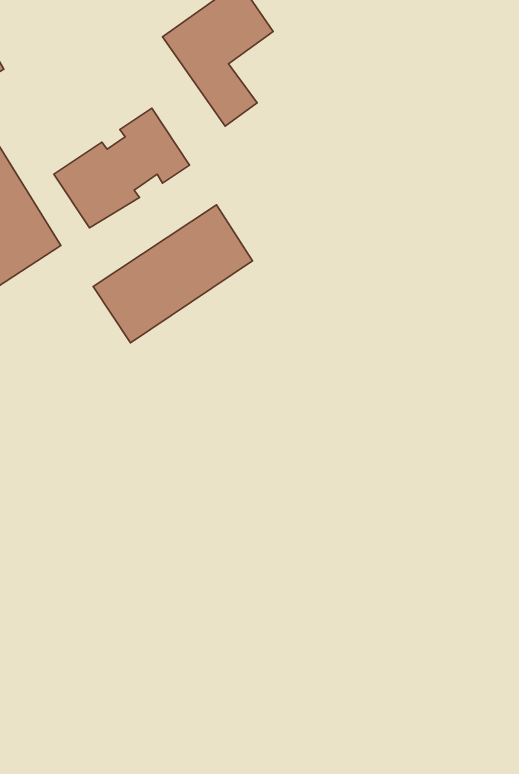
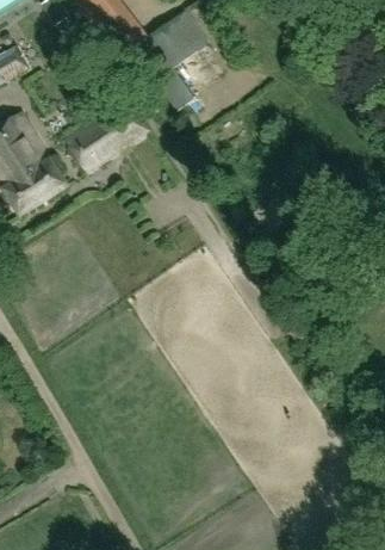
building: [93,205,252,343] -> none

